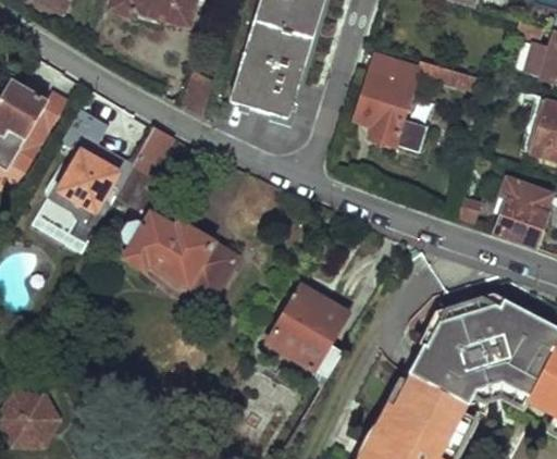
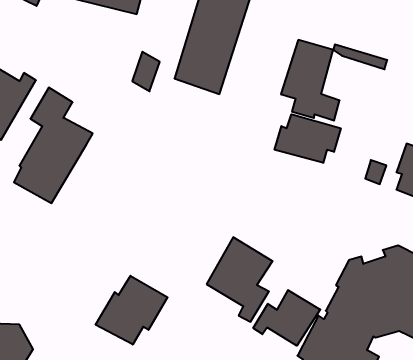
building: [113,128,237,301] -> none
building: none -> [275,114,341,163]
building: none -> [96,276,168,345]
building: none -> [253,290,320,346]

